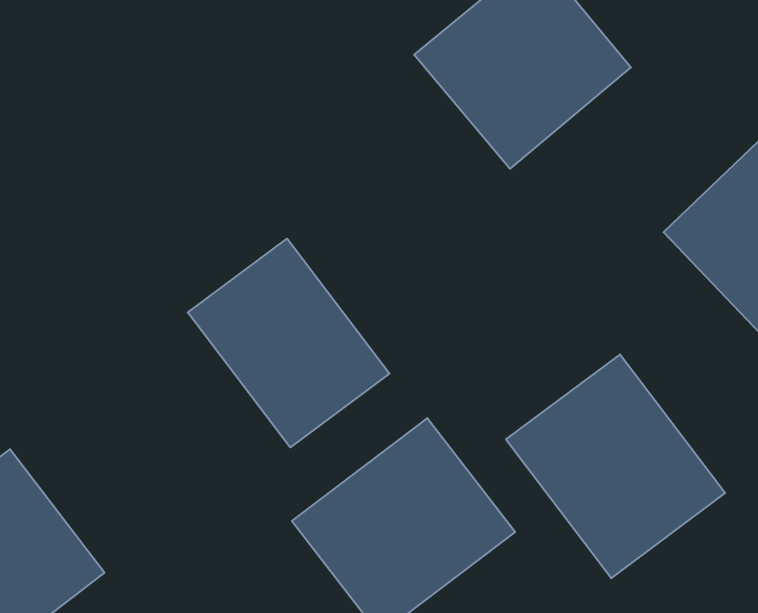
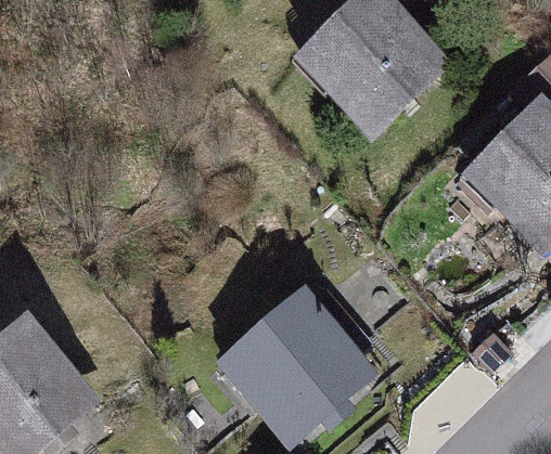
building: [188,239,389,447] -> none
building: [506,354,725,578] -> none

